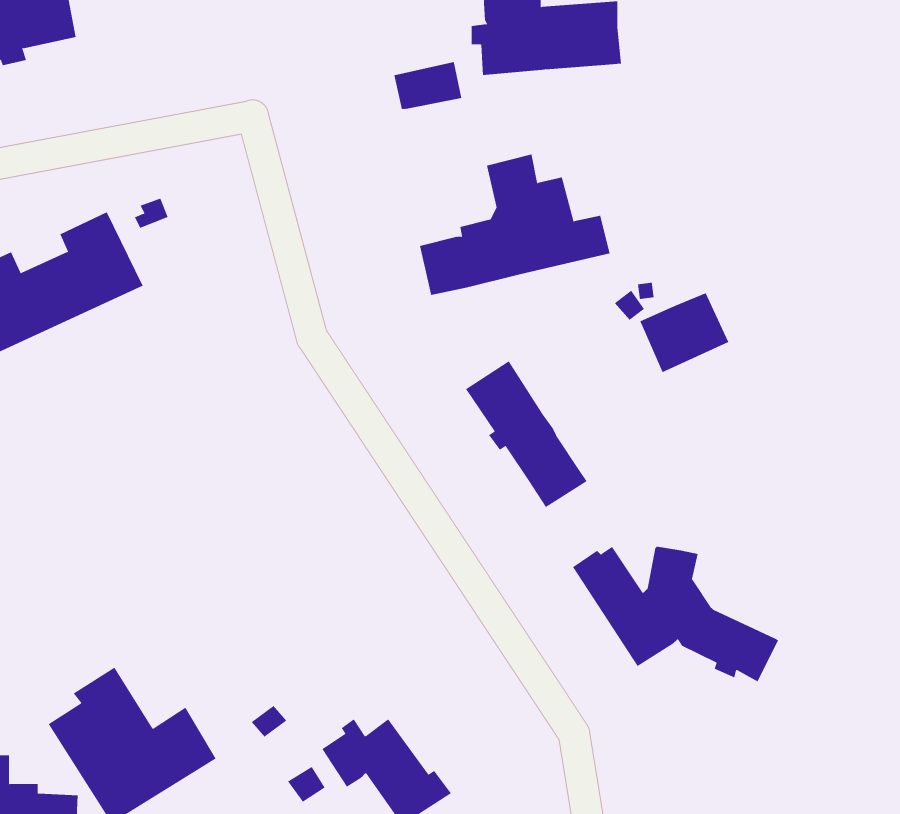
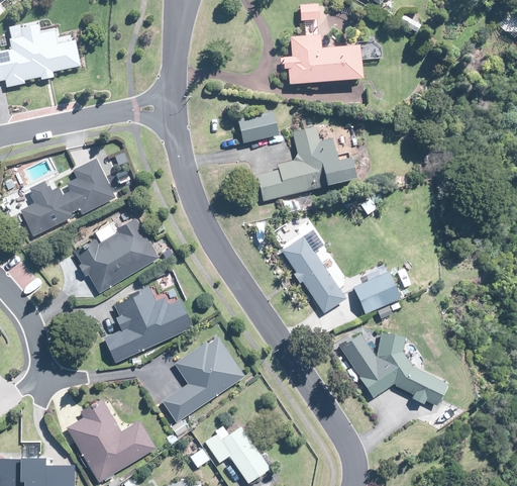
building: [393,62,462,109] -> [240,114,277,139]
building: [639,292,729,373] -> [355,273,403,315]
building: none -> [72,216,157,293]
building: none -> [104,289,193,364]
building: none -> [161,335,242,421]

